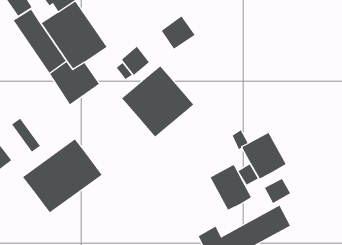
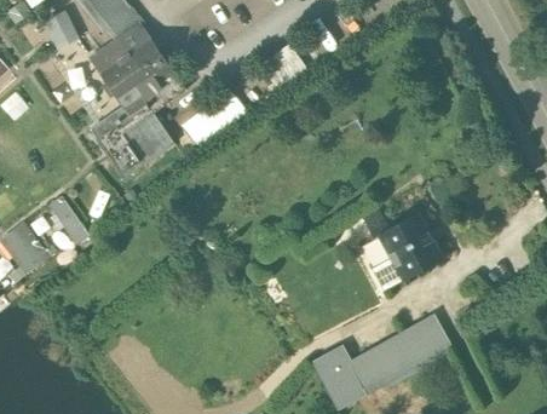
building: [121,66,194,138] -> none
building: [22,139,103,213] -> none
building: [210,164,252,211] -> none
building: [264,178,291,204] -> none

